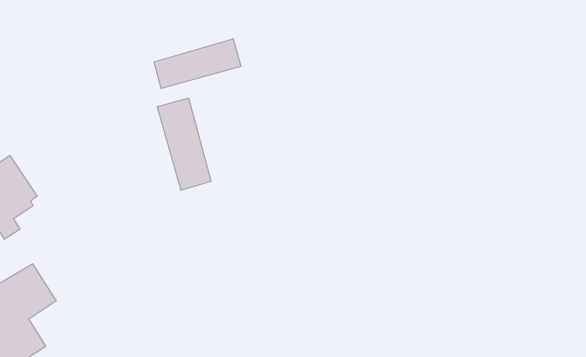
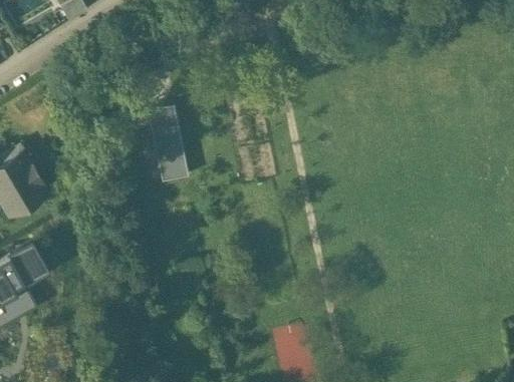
building: [154,39,241,89] -> none

